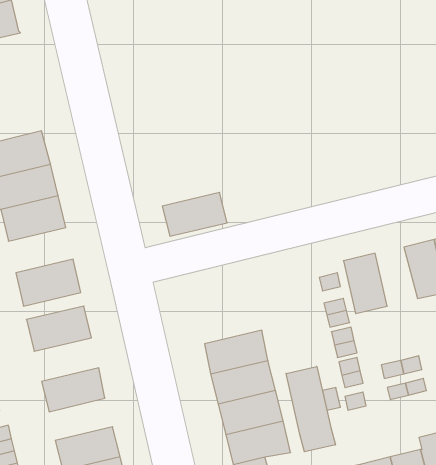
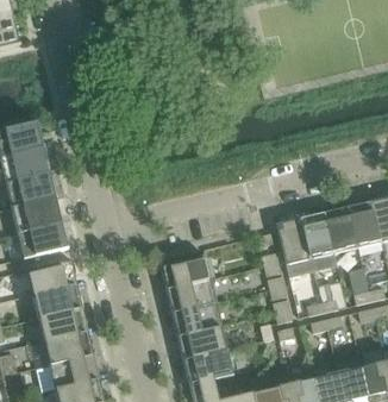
building: [162,192,227,236] -> [161,255,212,289]
building: none -> [12,197,63,233]
building: none -> [301,213,334,259]
building: none -> [32,284,83,319]
building: [286,366,335,452] -> none
building: none -> [44,332,94,365]

